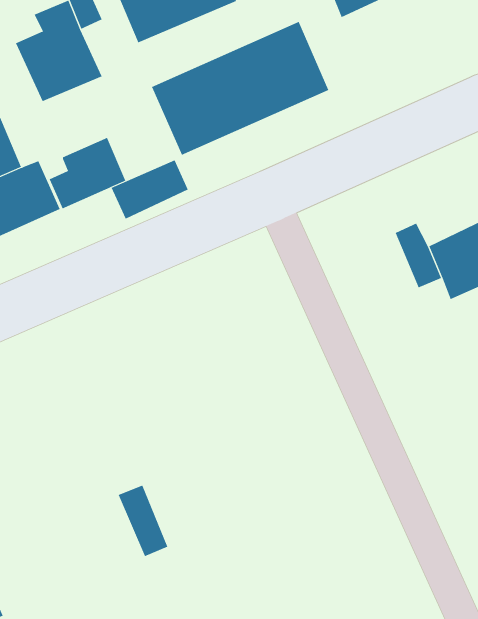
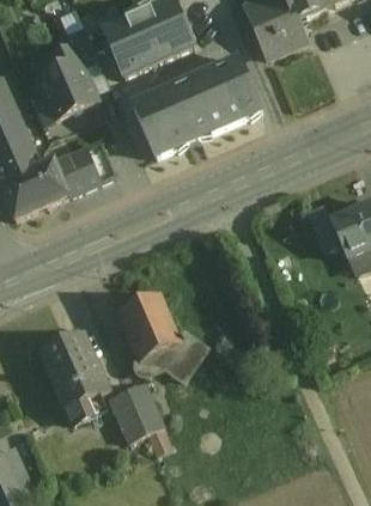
building: [111,159,188,219] -> none
building: none -> [120,294,209,383]
building: none -> [39,331,108,409]
building: none -> [127,383,163,434]

